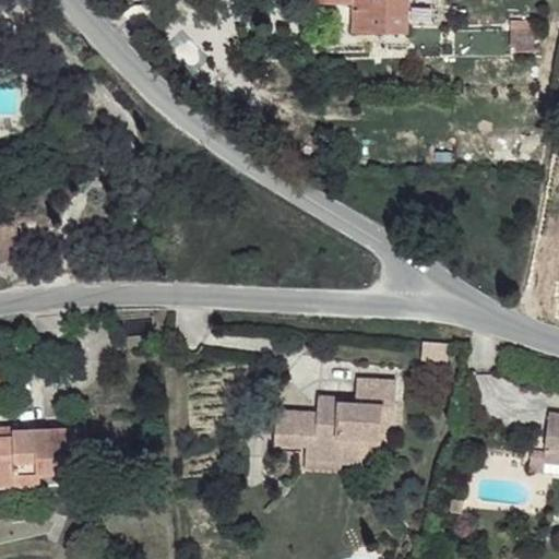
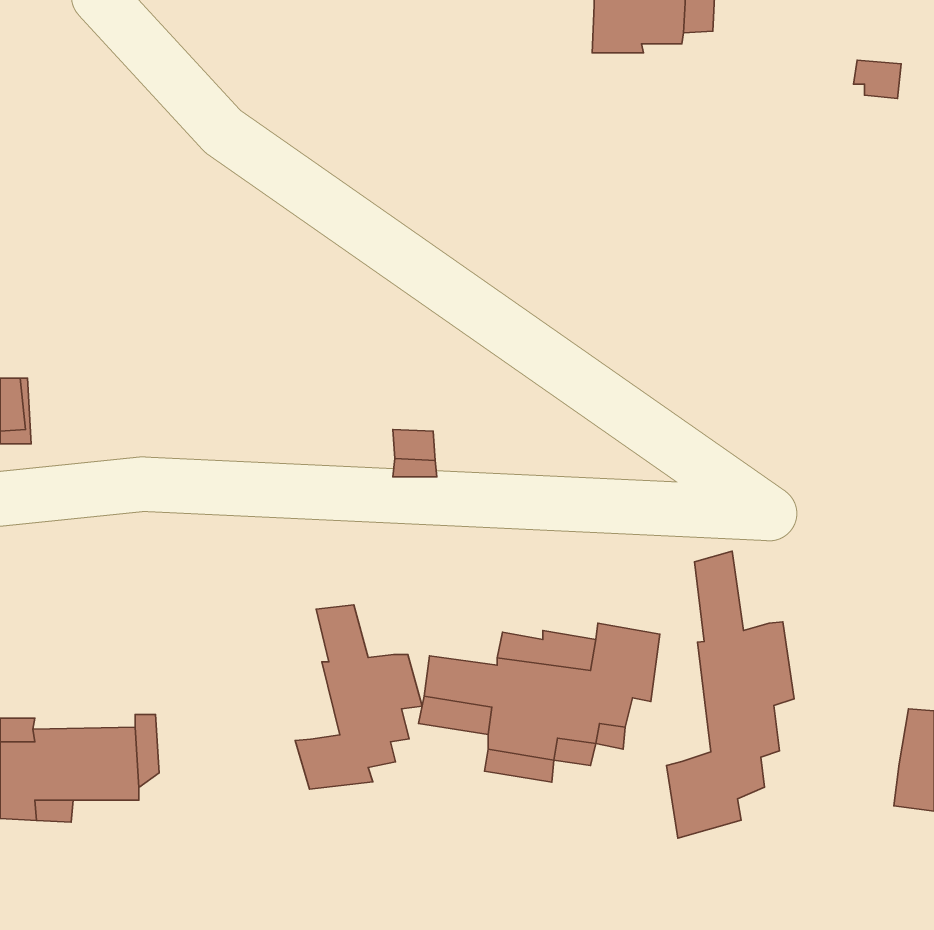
building: none -> [667,551,794,838]
building: none -> [295,605,422,789]

